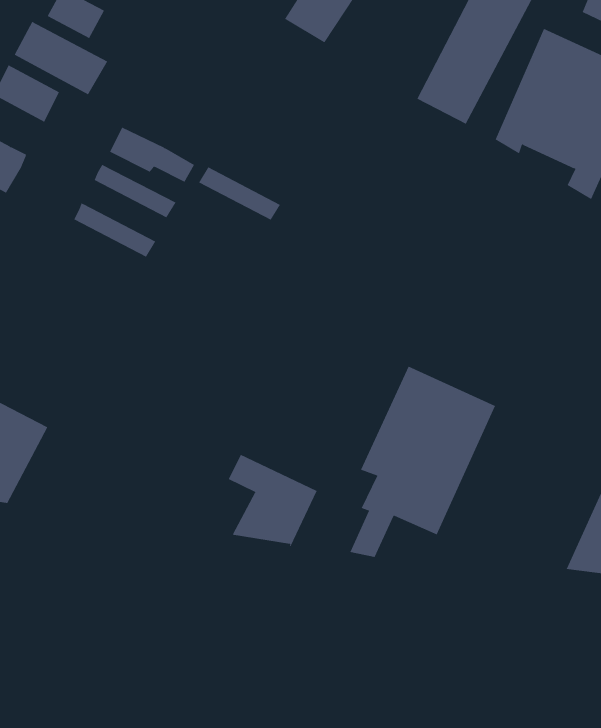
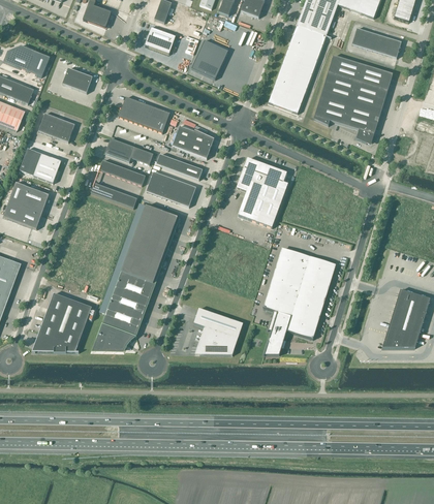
building: [14,21,108,95] -> [119,97,171,133]
building: none -> [173,126,214,158]
building: none -> [239,151,289,220]
building: none -> [146,171,196,207]
building: none -> [96,204,178,349]

